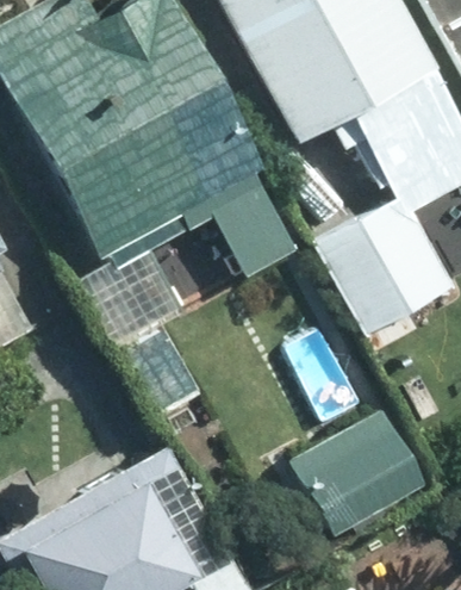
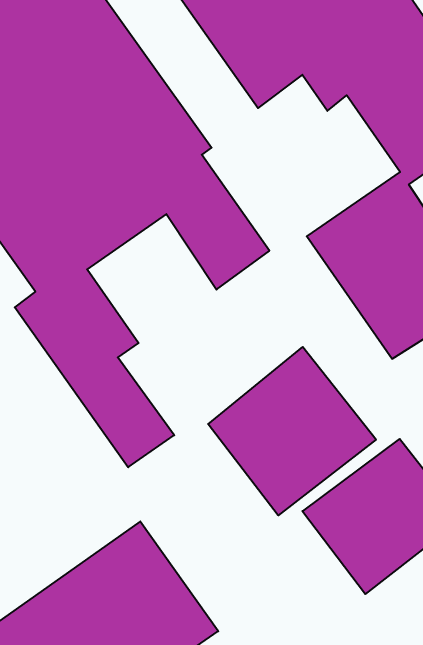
building: none -> [208,347,376,515]

